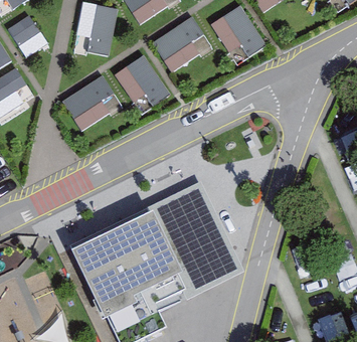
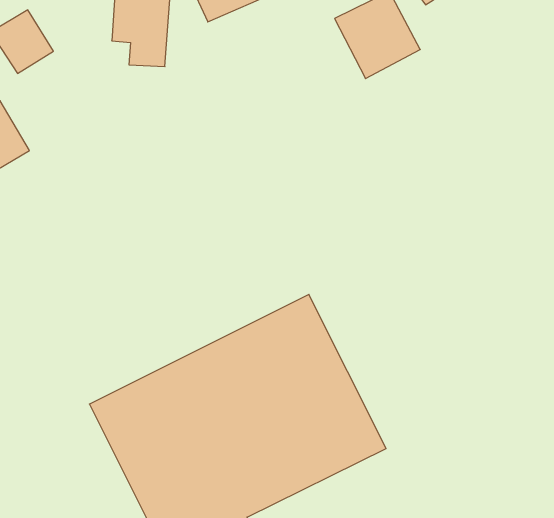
building: [152,16,202,72] -> none
building: [115,53,169,111] -> none
building: [61,76,120,132] -> none

